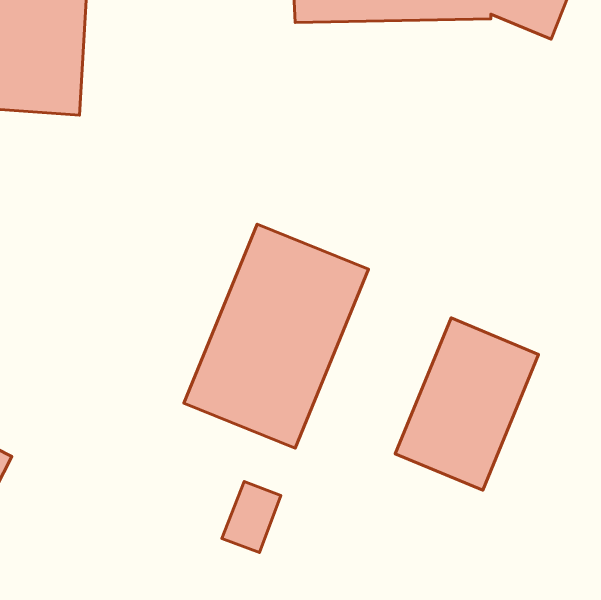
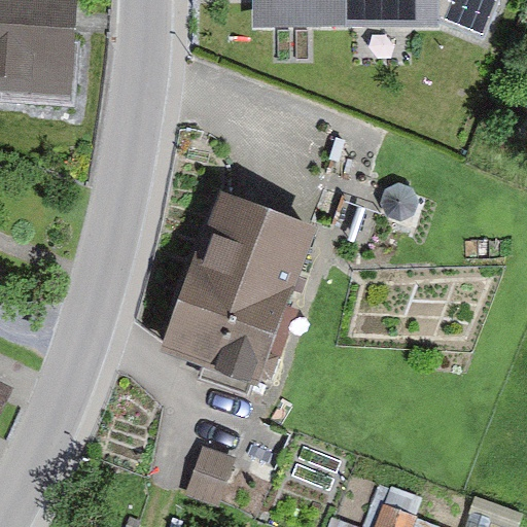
building: [395,318,539,490] -> none

